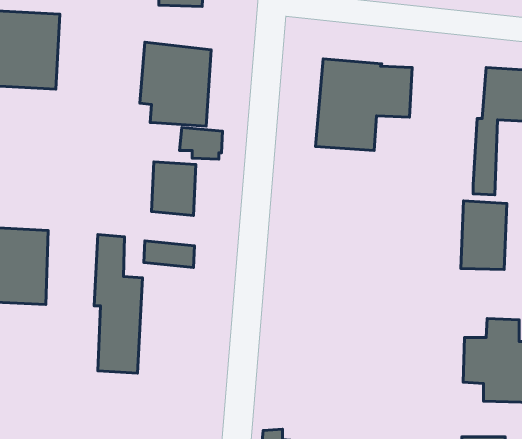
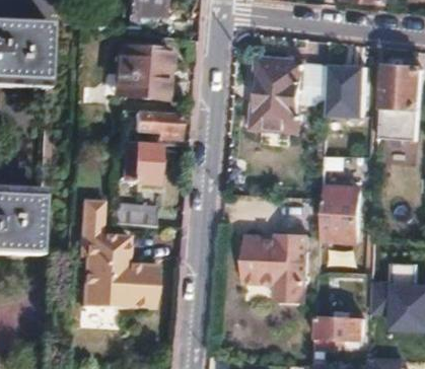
building: none -> [328,66,367,114]
building: [461,201,507,270] -> [325,187,361,241]
building: none -> [112,233,154,309]
building: none -> [244,234,311,305]
building: none -> [316,316,366,349]

